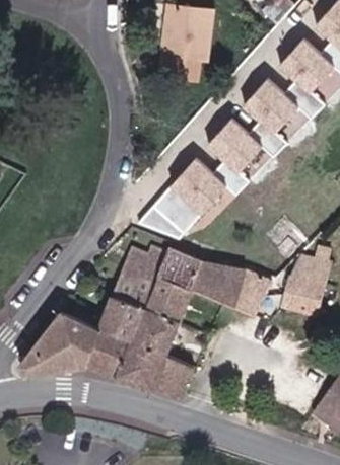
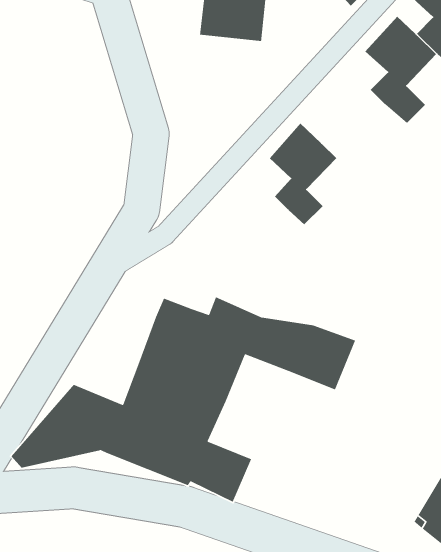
building: [245,79,295,157] -> none
building: [140,158,223,234] -> none
building: [284,254,330,314] -> none

